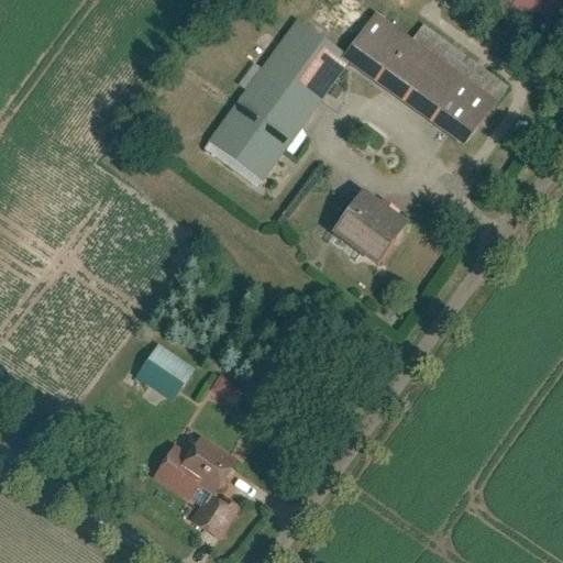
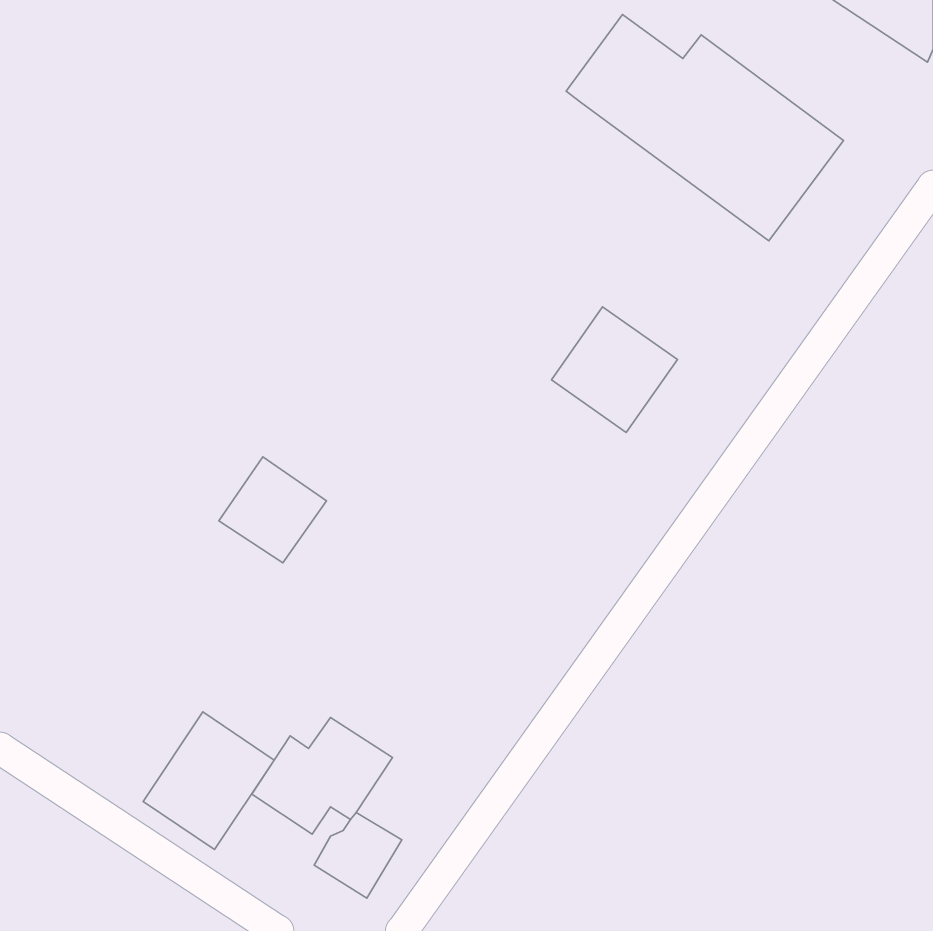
building: [207,16,350,180] -> none
building: [131,341,196,405] -> [219,457,327,563]
building: none -> [143,712,274,850]

